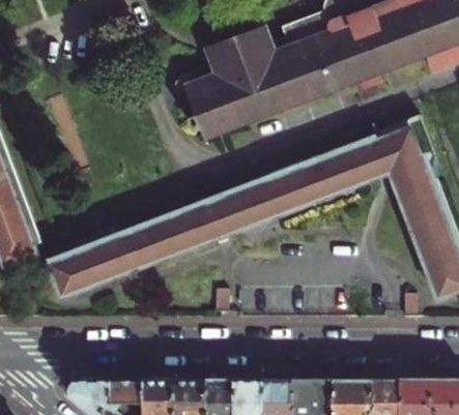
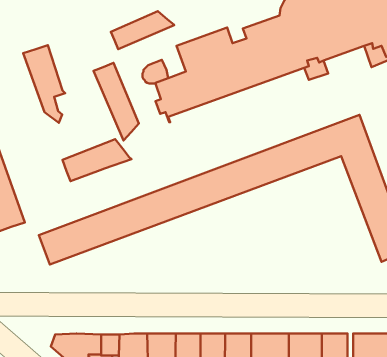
building: none -> [111,11,174,49]
building: none -> [23,45,65,123]
building: none -> [94,63,139,141]
building: none -> [62,139,132,181]

